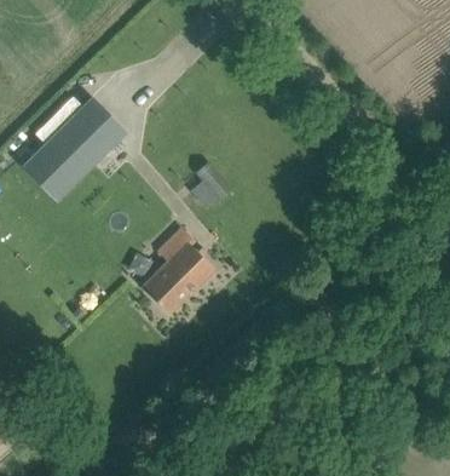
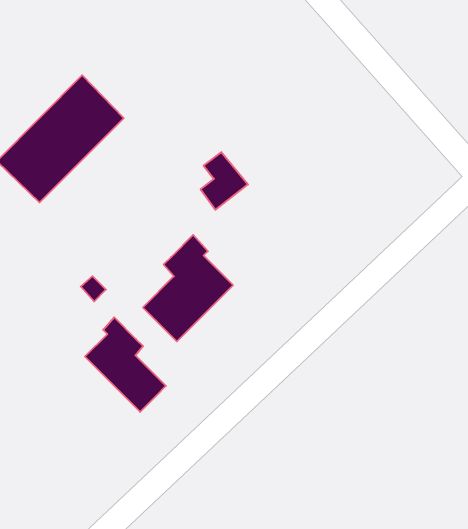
building: none -> [85,317,166,412]

